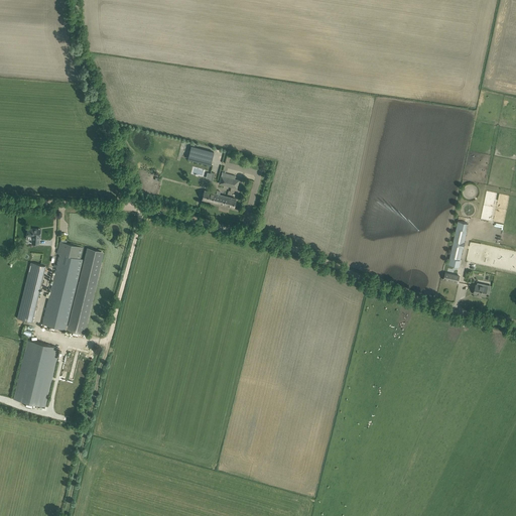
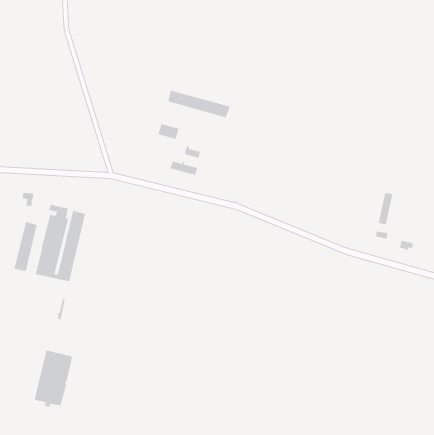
building: none -> [168,90,230,118]
building: [12,340,58,408] -> [34,350,73,408]

